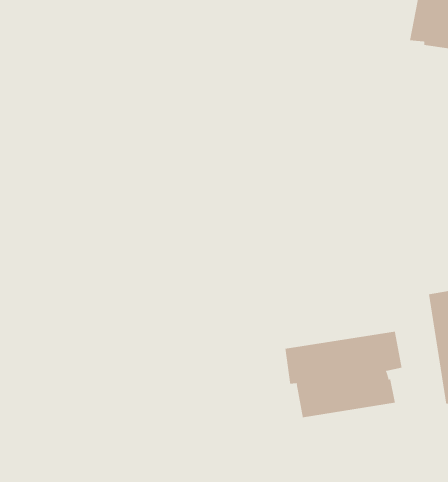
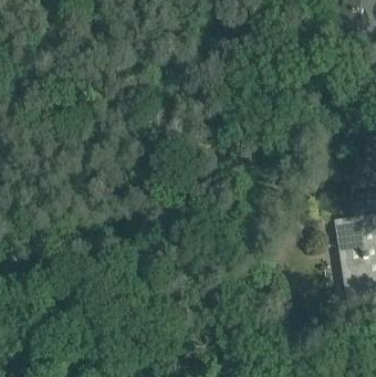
building: [285,331,402,418] -> none

